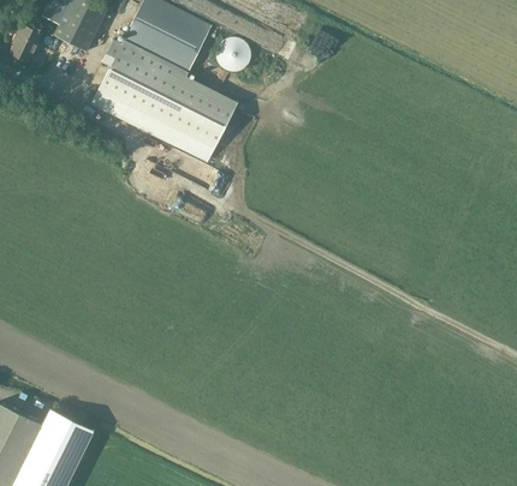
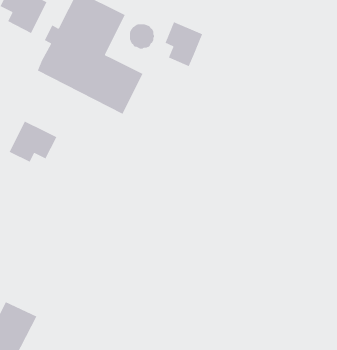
building: none -> [164,21,203,67]
building: none -> [8,121,57,163]

